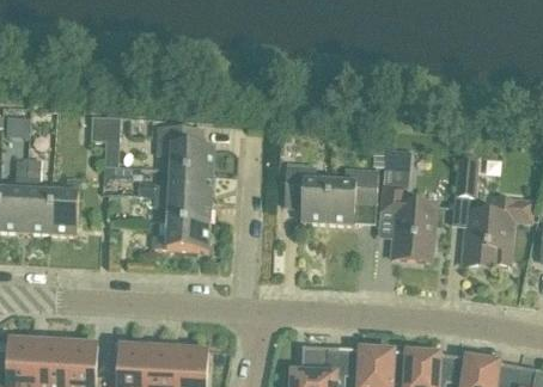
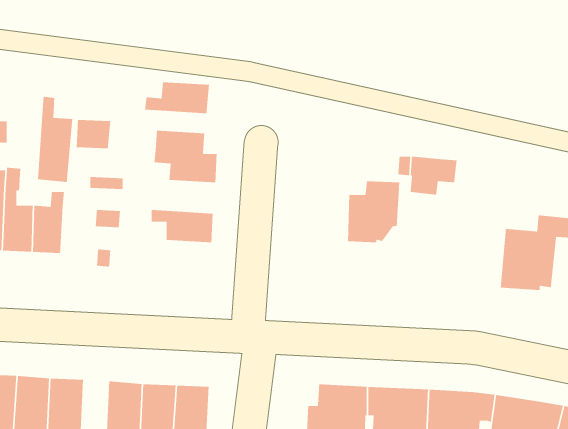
building: none -> [37,96,73,183]
building: [453,158,478,197] -> none
building: [285,165,329,222] -> none
building: [155,168,213,197] -> [144,81,210,114]
building: [380,184,435,259] -> none
building: [153,221,209,250] -> none

